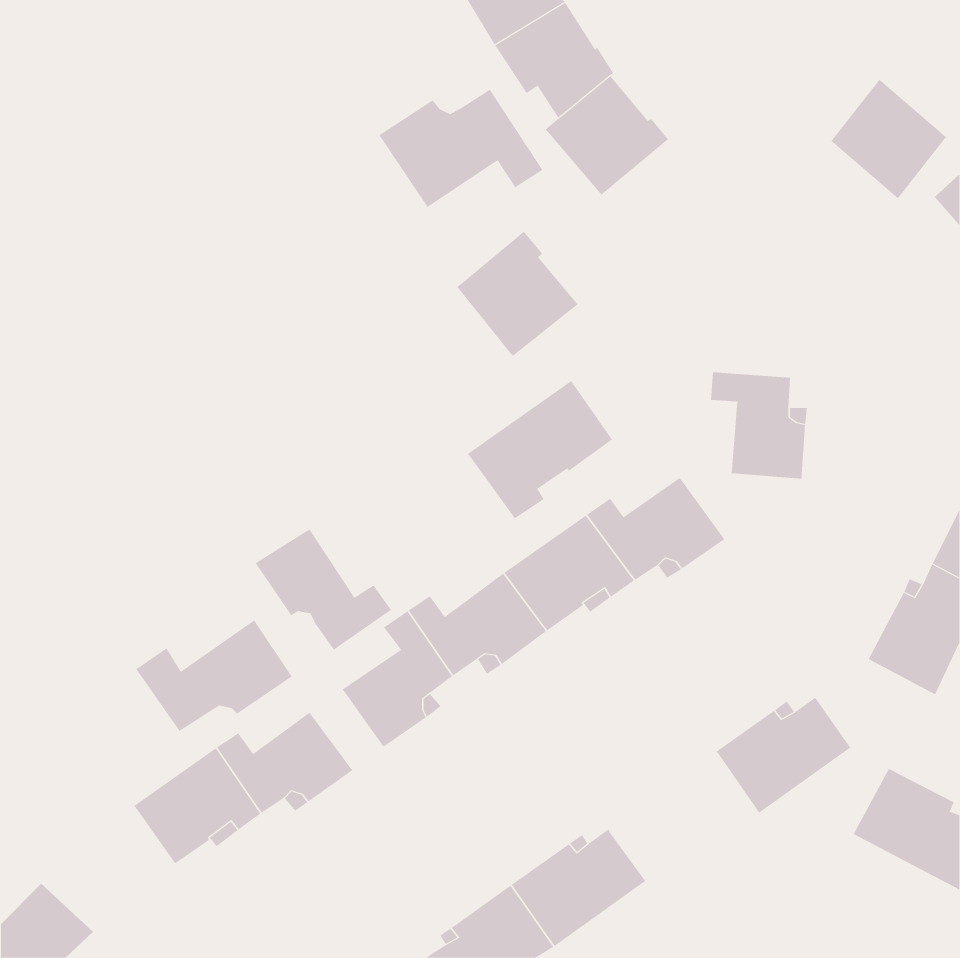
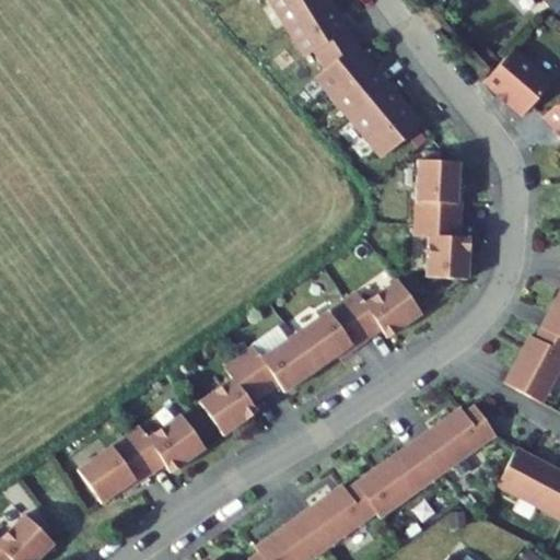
building: [379,89,543,208] -> none
building: [456,231,579,357] -> [350,81,421,154]
building: none -> [415,159,463,220]
building: [467,380,613,519] -> none
building: [255,529,392,651] -> none
building: [136,619,292,732] -> none
building: none -> [355,438,442,518]

